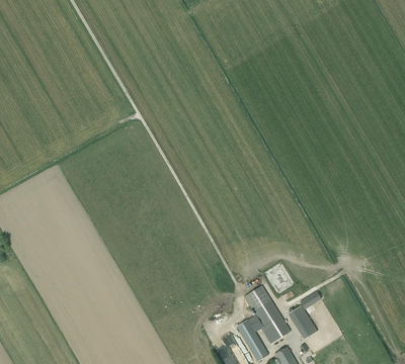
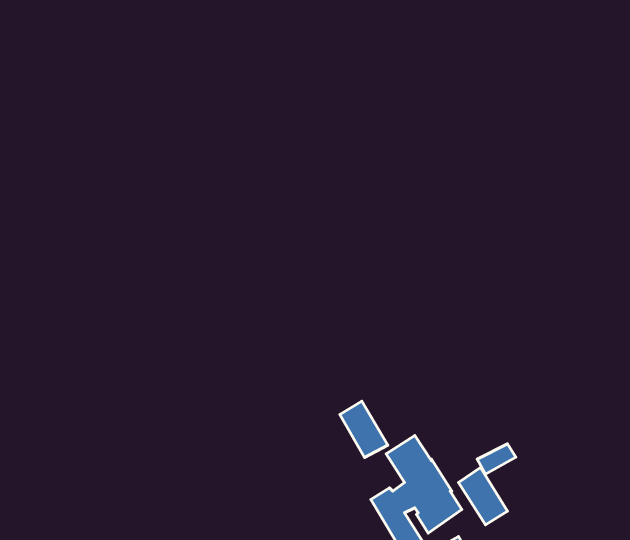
building: none -> [340,401,388,457]

